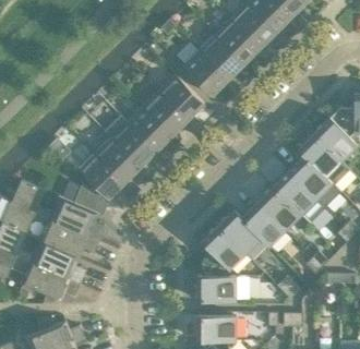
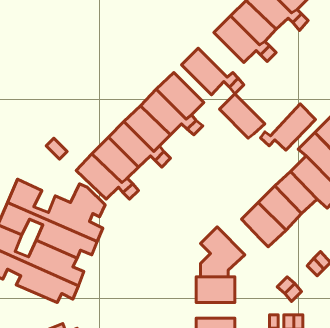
building: [199,36,243,80] -> [219,94,265,138]
building: none -> [261,104,316,150]
building: [217,210,260,254] -> none

